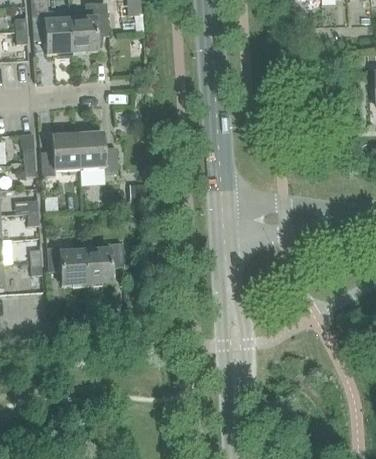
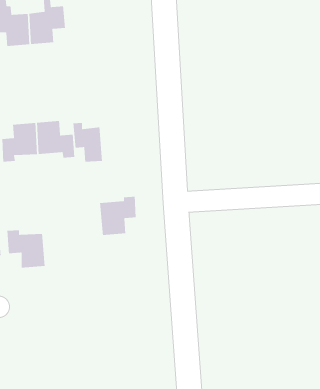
building: none -> [72,122,103,162]
building: [85,242,124,284] -> [99,196,137,236]

